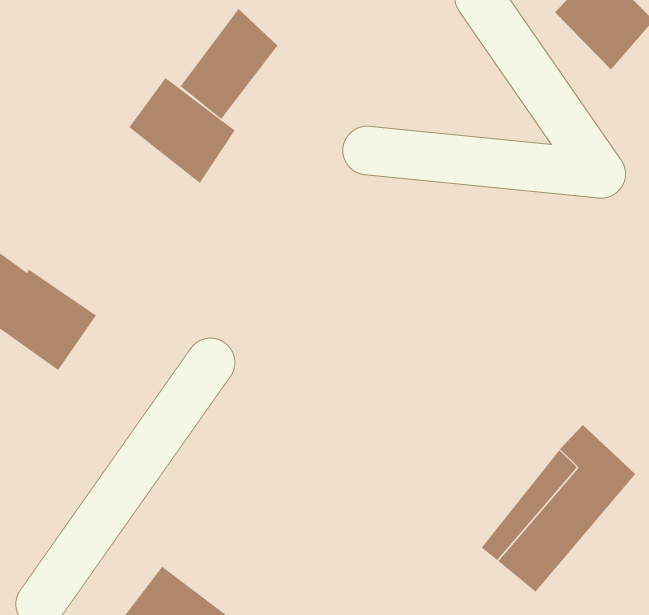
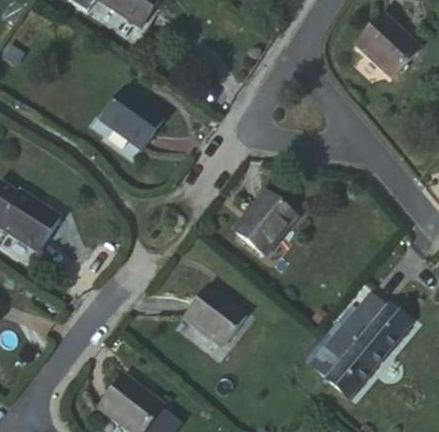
building: [180,8,278,120] -> none
building: none -> [229,190,288,253]
building: none -> [174,284,243,350]

